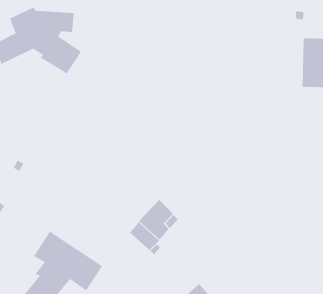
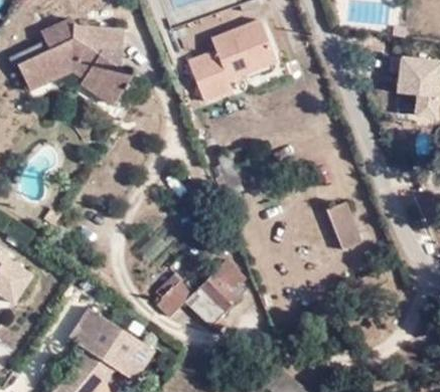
building: none -> [188,22,281,108]
building: none -> [325,202,359,251]
building: none -> [154,273,193,321]

